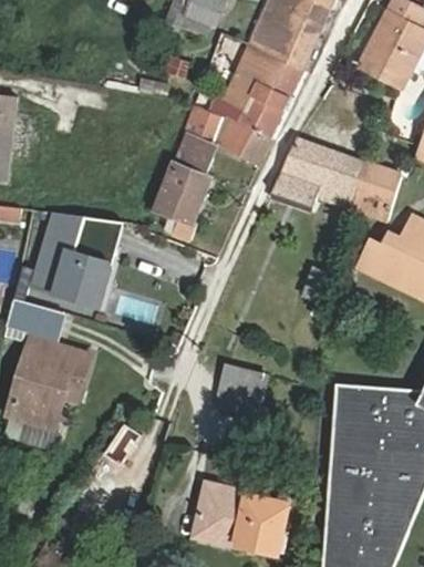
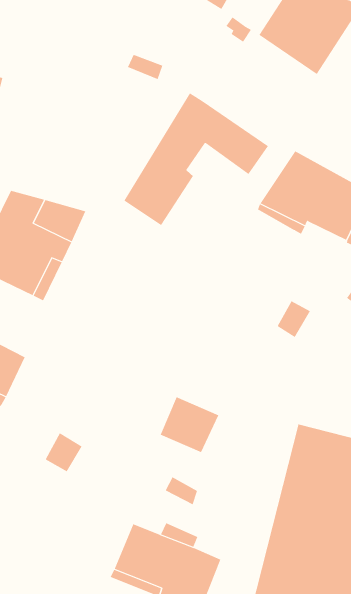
building: [208,44,303,140] -> none

